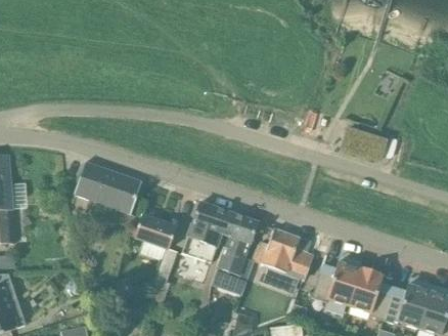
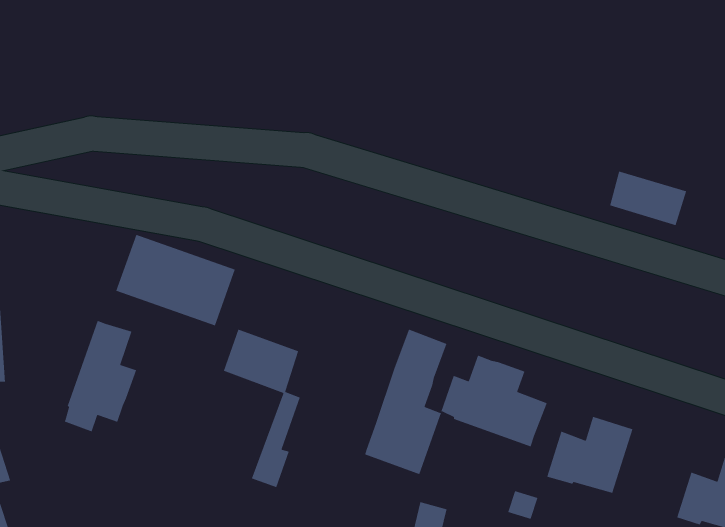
building: [182,202,236,262] -> none
building: none -> [64,320,137,432]
building: [349,267,392,319] -> none

